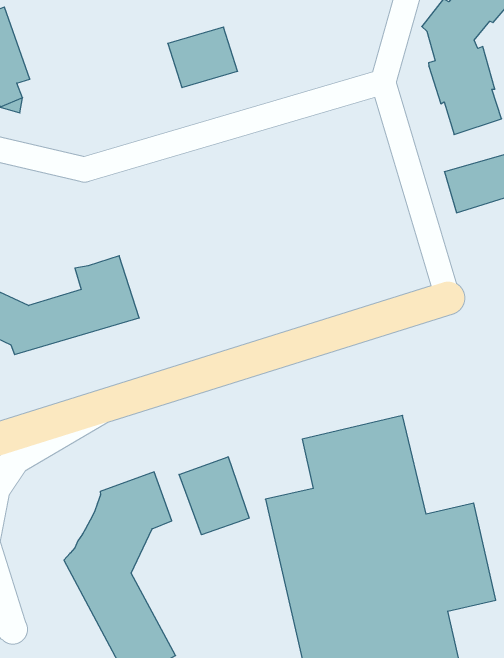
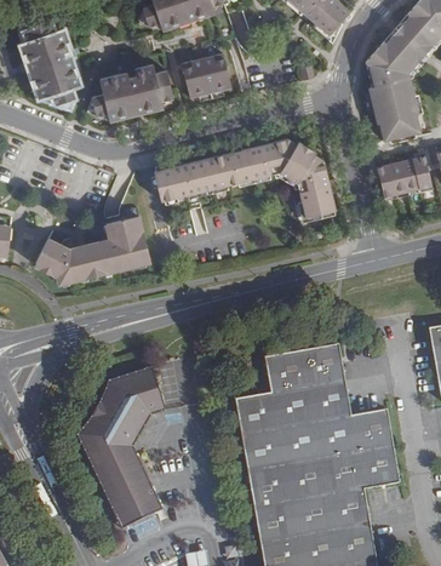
building: none -> [92,64,173,120]
building: none -> [155,138,336,217]
building: [179,457,249,535] -> none

